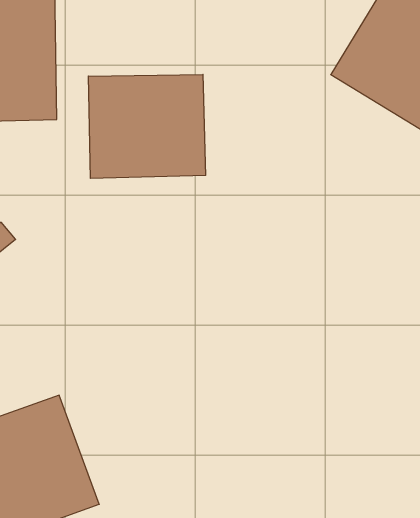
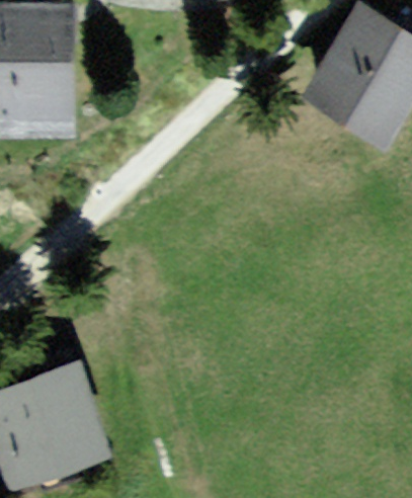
building: [88,74,206,178] -> none

